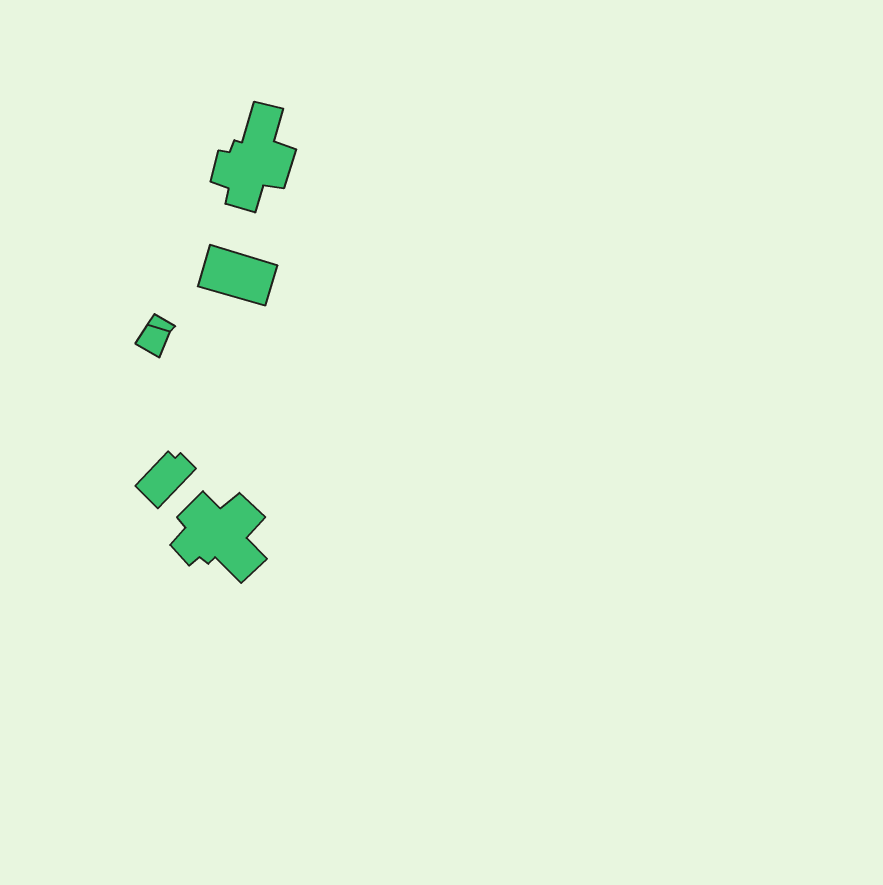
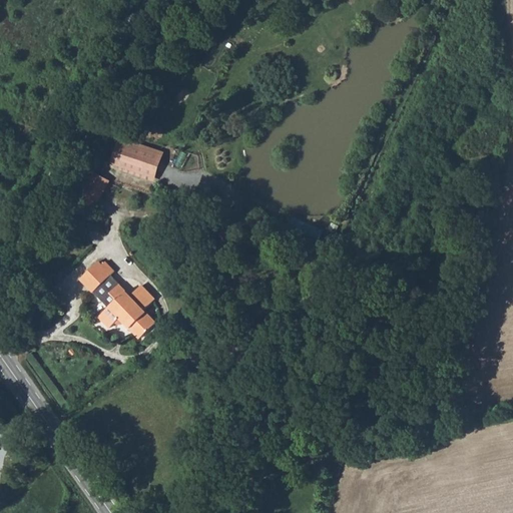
building: [210,102,296,213] -> none

